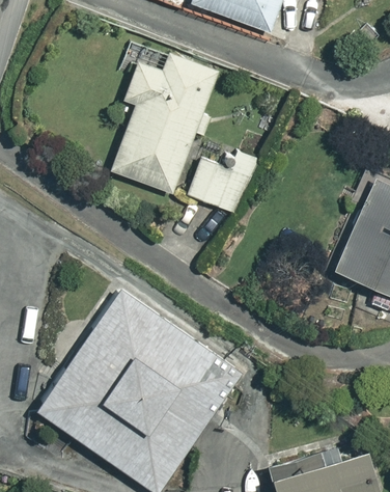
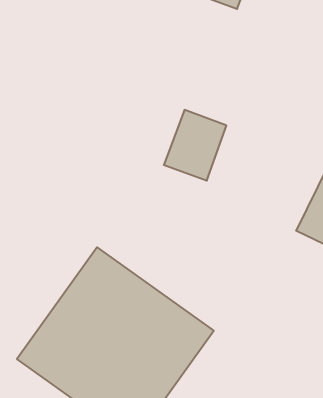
building: [107,52,220,194] -> none

